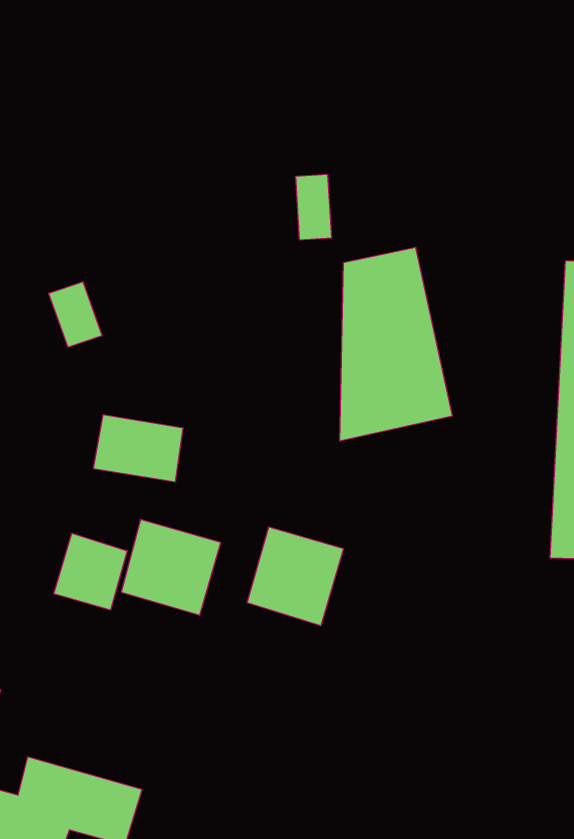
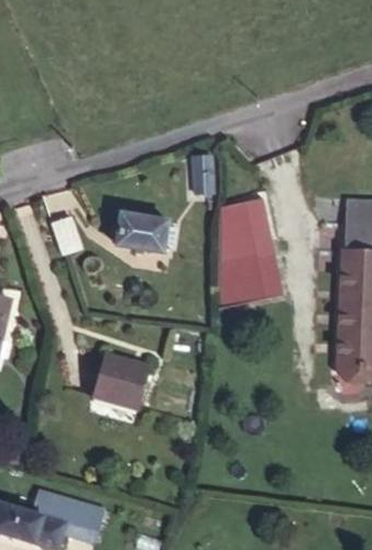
building: [93,415,183,482] -> [116,213,167,252]
building: [247,527,344,626] -> none
building: [54,533,127,610] -> none

